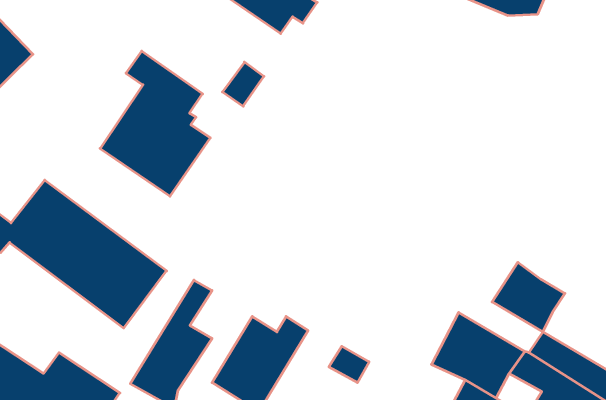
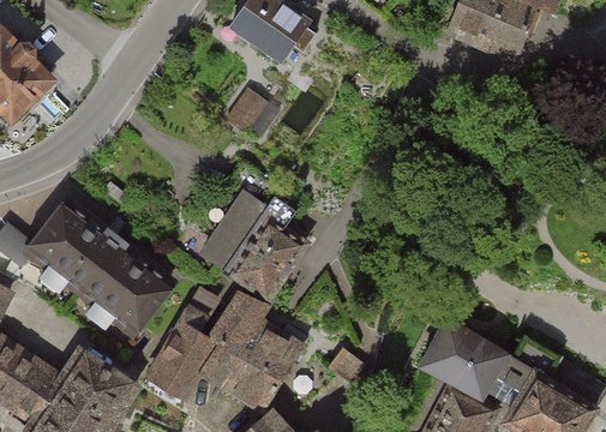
building: [100,51,210,196] -> [202,166,304,300]
building: [492,262,565,332] -> none
building: none -> [199,295,264,386]

